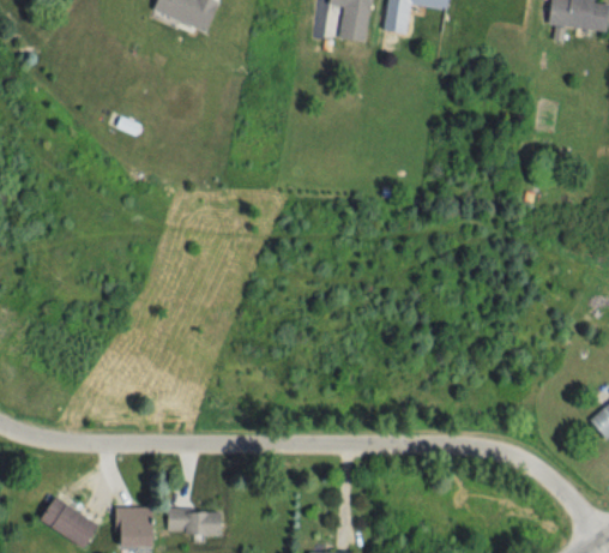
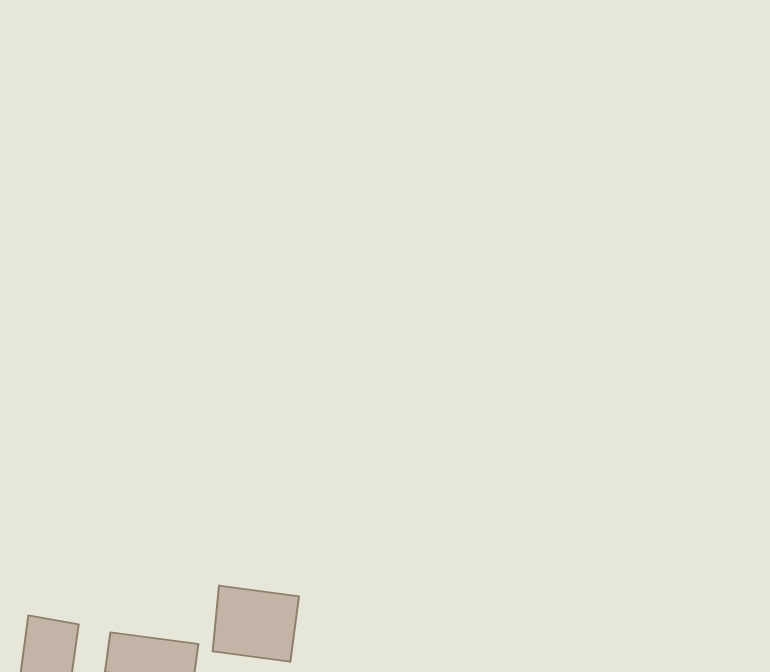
building: none -> [213,585,299,662]

